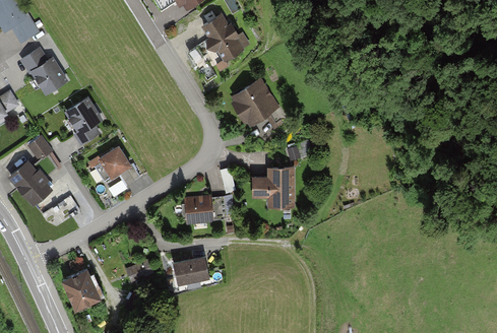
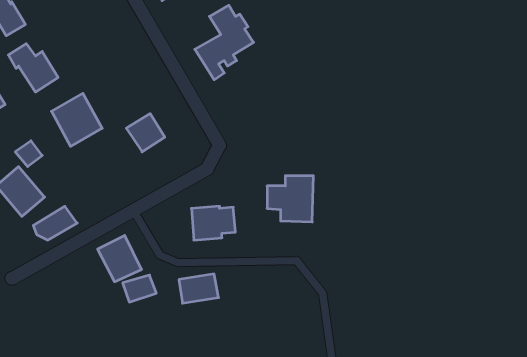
building: [230,78,281,127] -> none
building: [100,145,134,180] -> [126,114,165,152]
building: [61,269,101,311] -> [98,235,142,282]

